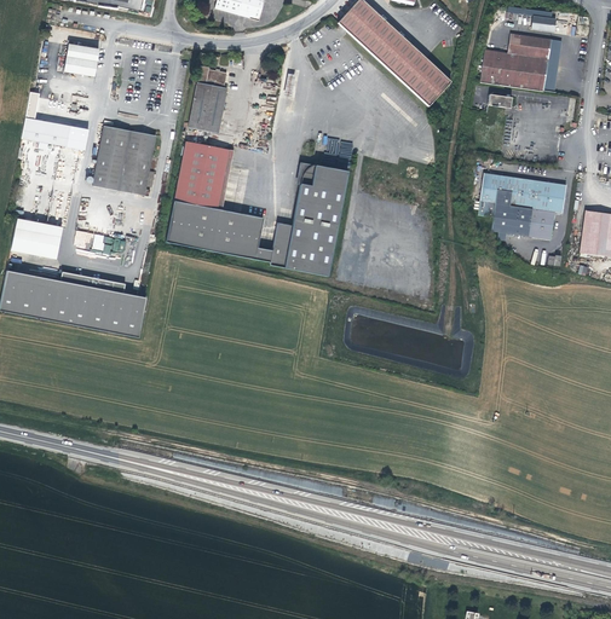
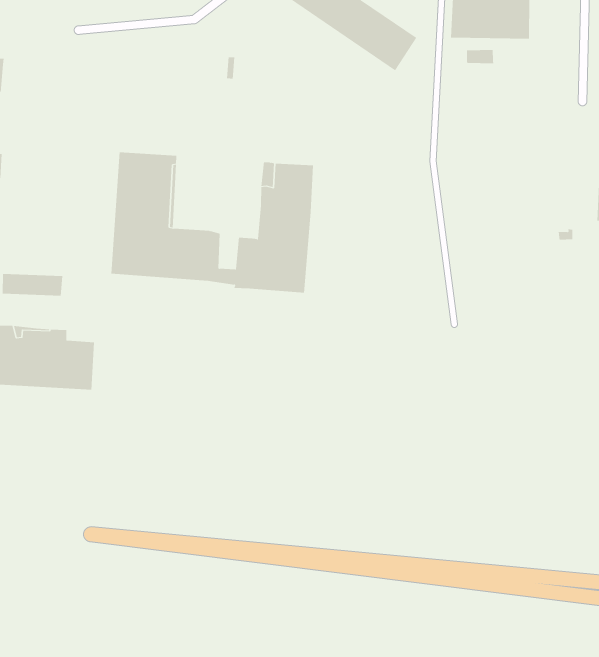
building: [189,63,227,133] -> none
building: [92,123,156,195] -> none
building: [483,173,564,242] -> none

